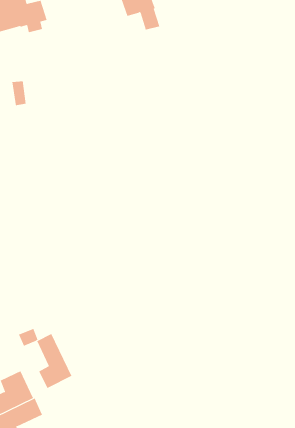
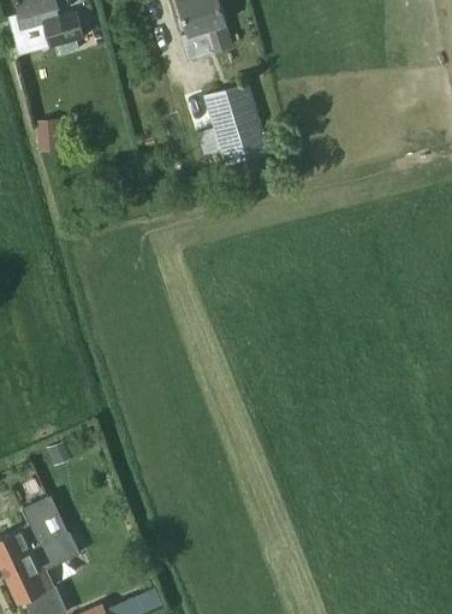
building: none -> [195,82,268,165]
building: [37,333,72,389] -> none

